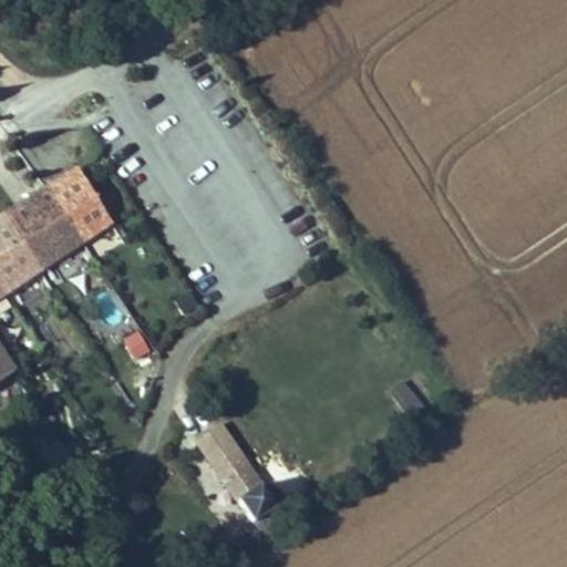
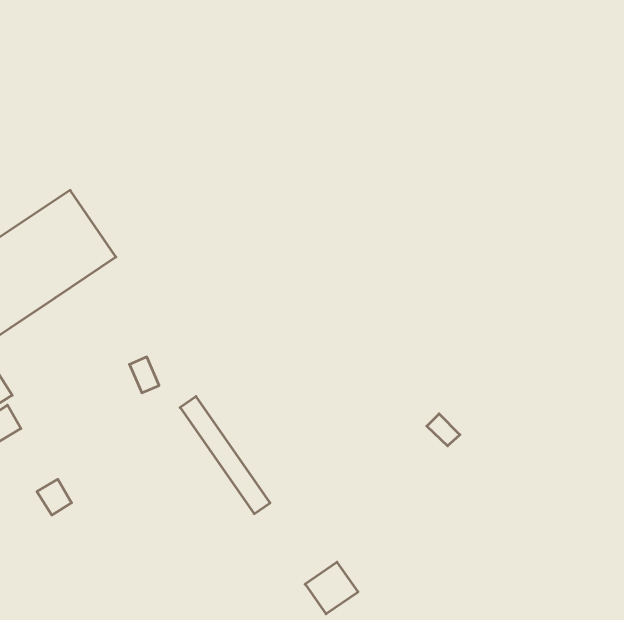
building: [223,464,270,511] -> [305,562,358,614]

